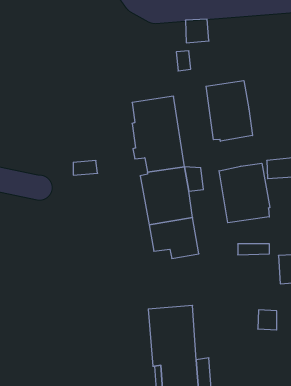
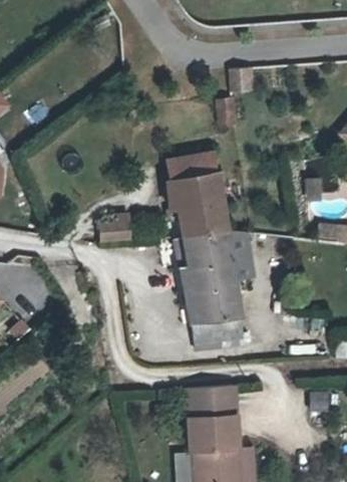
building: [206,81,252,141] -> none
building: [219,163,270,223] -> none
building: none -> [192,323,244,352]

